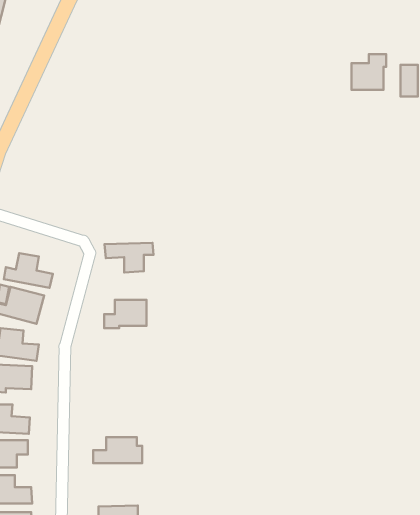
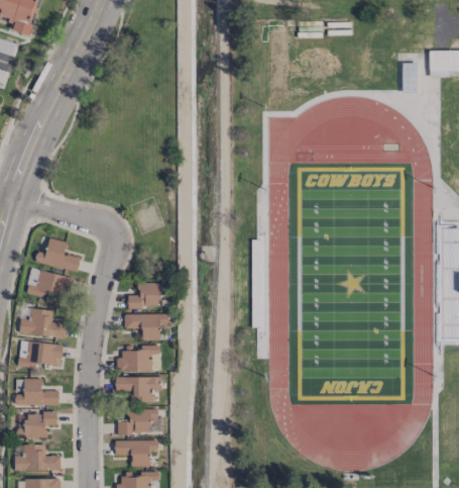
building: [352,54,386,90] -> none
building: [105,243,154,272] -> [123,313,168,340]
building: none -> [117,346,159,372]
building: none -> [115,376,161,401]
building: none -> [114,440,157,467]

